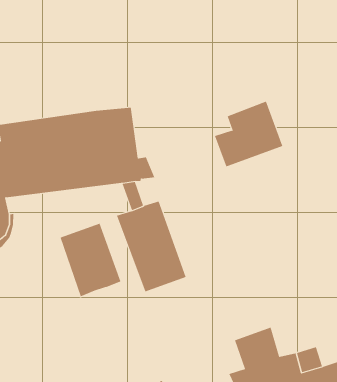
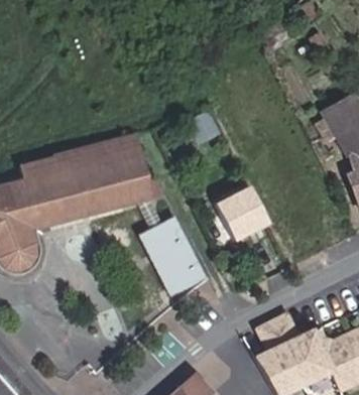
building: [214,101,283,167] -> [206,185,268,249]
building: [60,223,121,297] -> none

